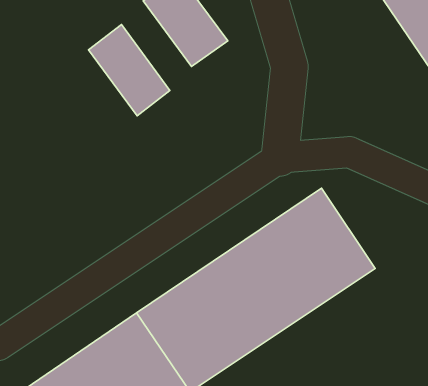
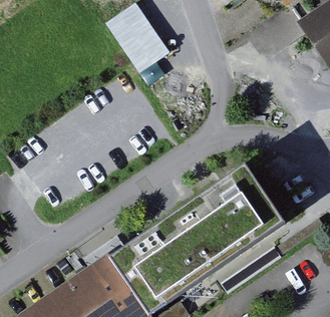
building: [89,24,170,116] -> none

